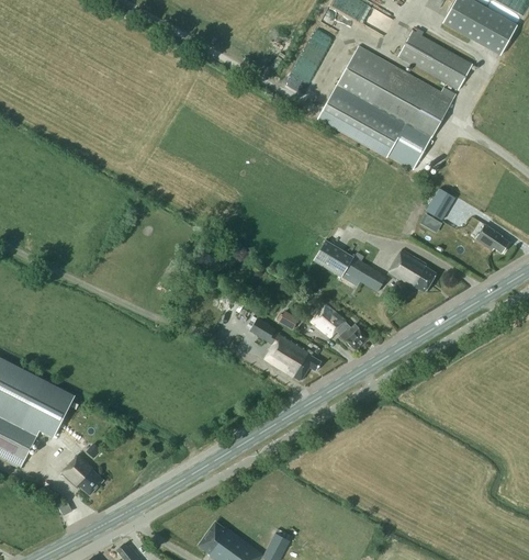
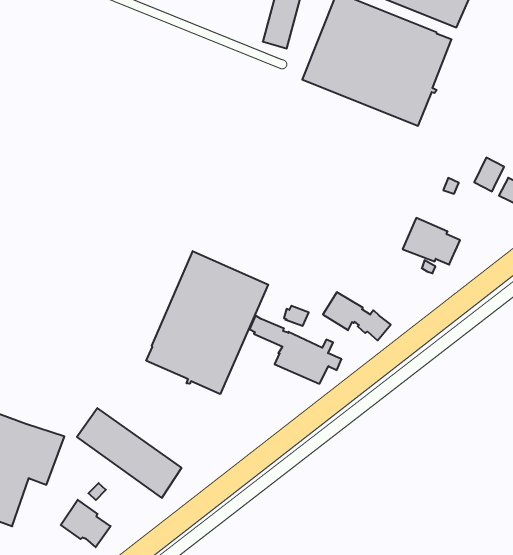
building: [426,188,454,220] -> none
building: [313,239,386,291] -> none
building: none -> [146,251,268,394]
building: none -> [77,408,181,498]

